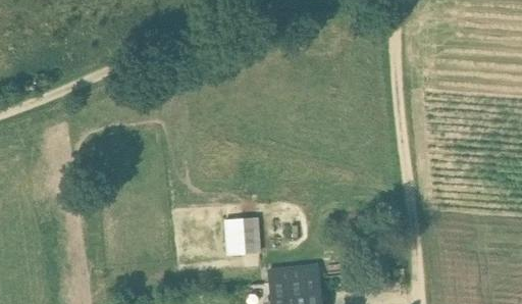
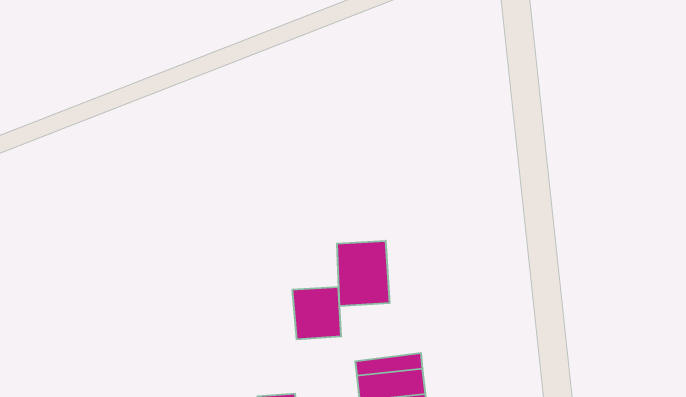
building: none -> [337,241,390,306]

